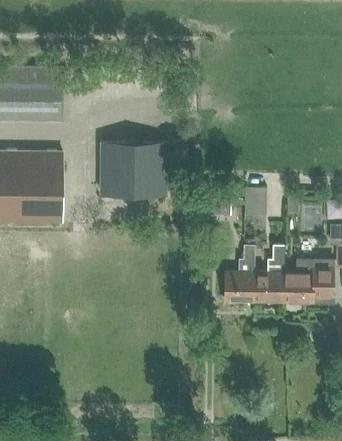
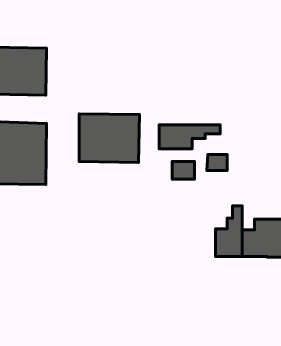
building: none -> [159,125,220,149]
building: [224,245,254,302] -> none

